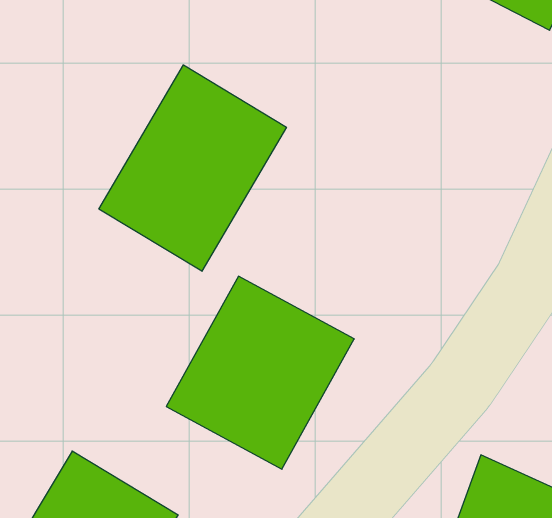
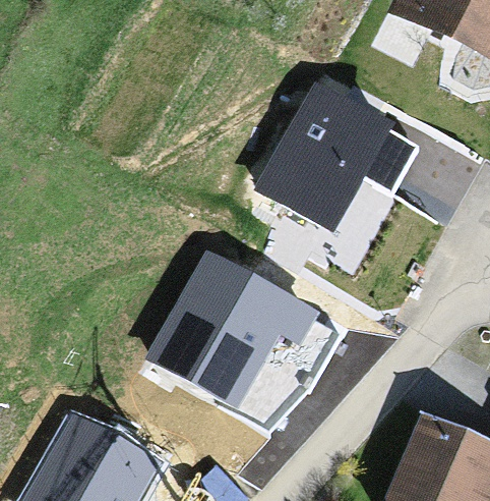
building: none -> [258,77,400,232]
building: [99,65,286,271] -> none

